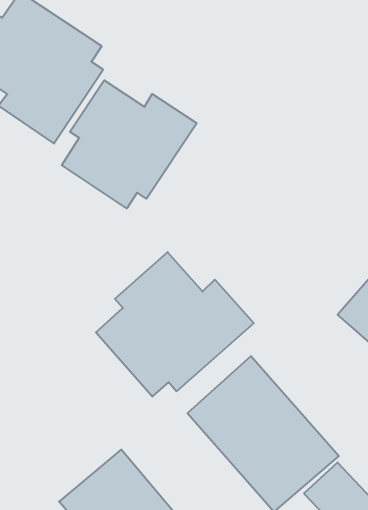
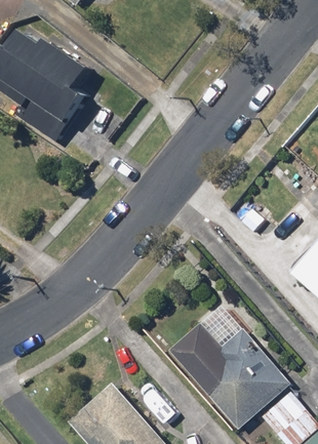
building: [62,80,197,208] -> none
building: [96,252,254,397] -> none

